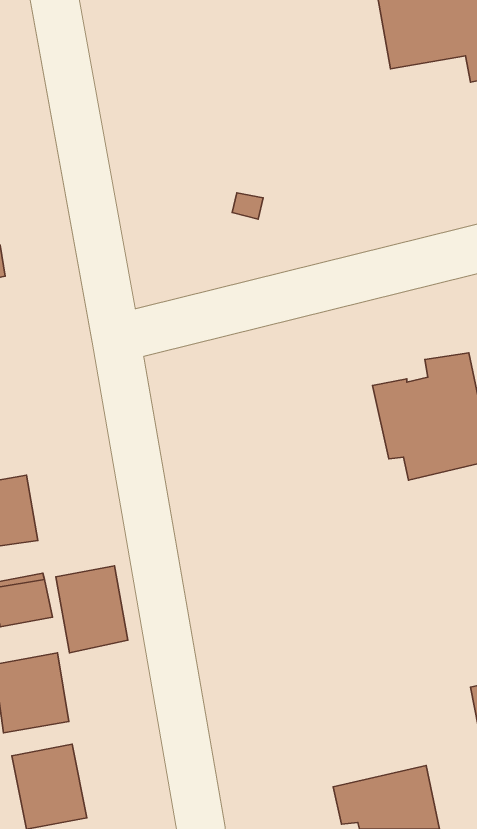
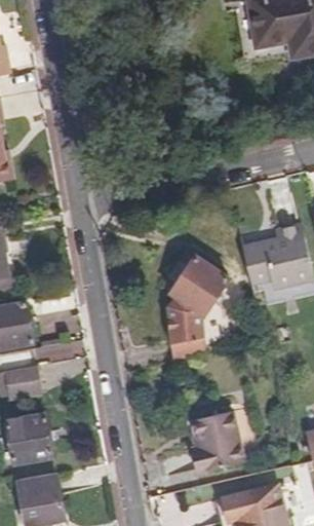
building: none -> [164,257,231,359]
building: [56,566,128,653] -> none
building: none -> [191,410,243,472]

